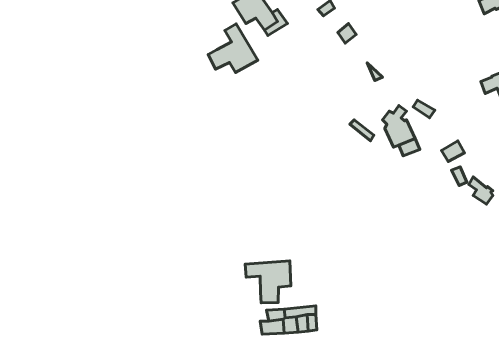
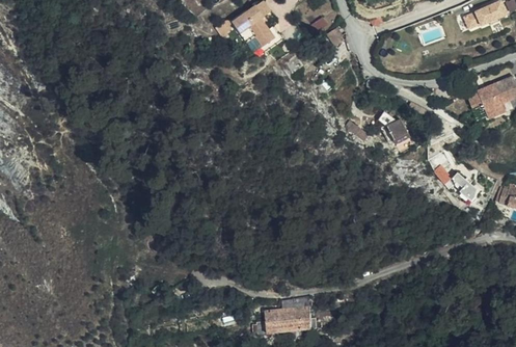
building: [208,24,258,72] -> none
building: [245,261,291,303] -> none

